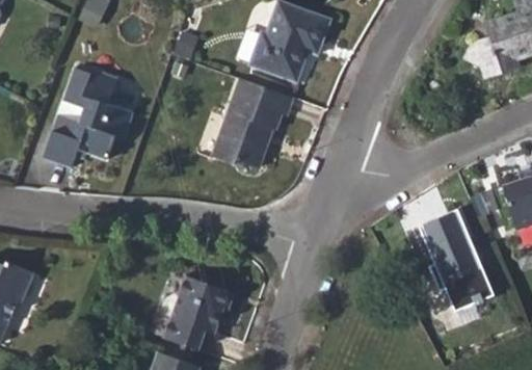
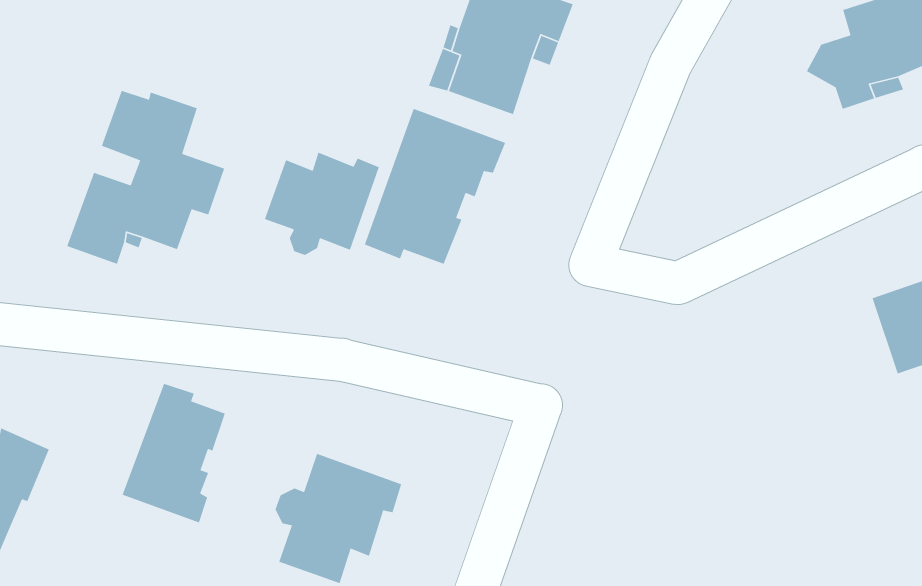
building: none -> [264,152,380,256]
building: [418,209,495,314] -> none
building: none -> [122,383,226,523]

